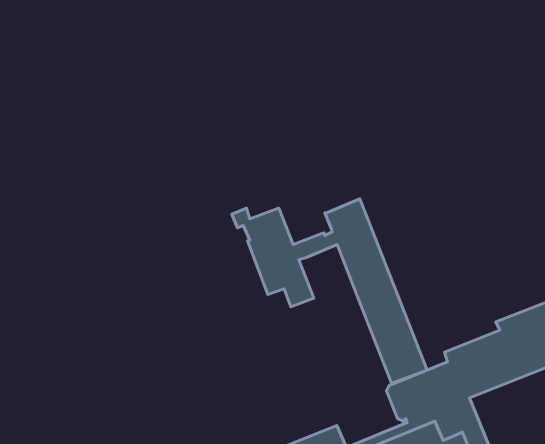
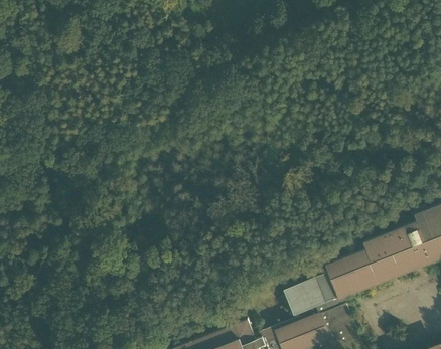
building: [232,199,427,383] -> none

